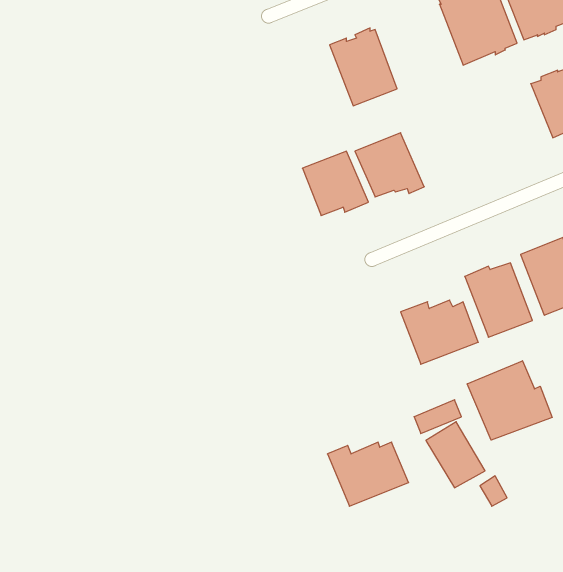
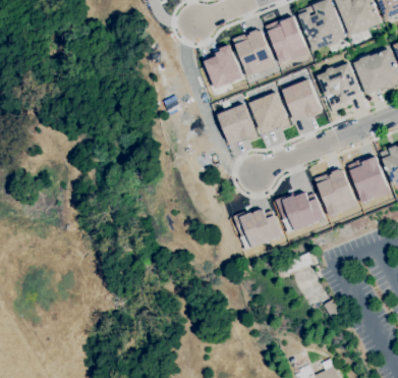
building: none -> [265,16,306,63]
building: none -> [204,44,242,89]
building: none -> [318,62,361,111]
building: none -> [282,79,320,119]
building: [467,361,552,440] -> none
building: [327,442,409,506] -> [232,210,281,249]

